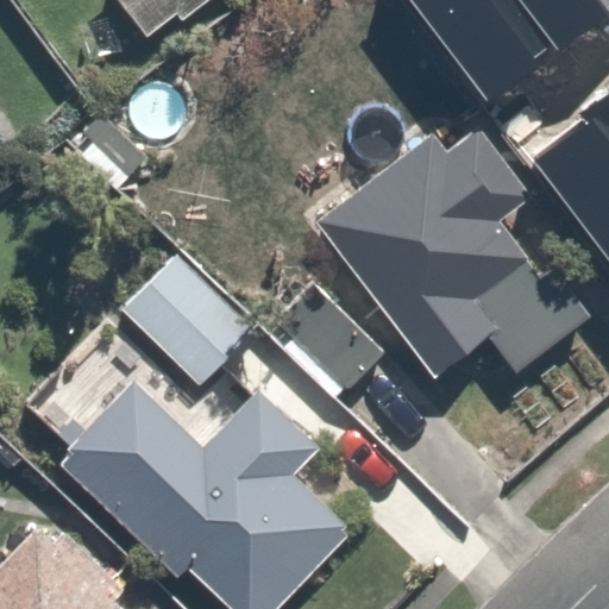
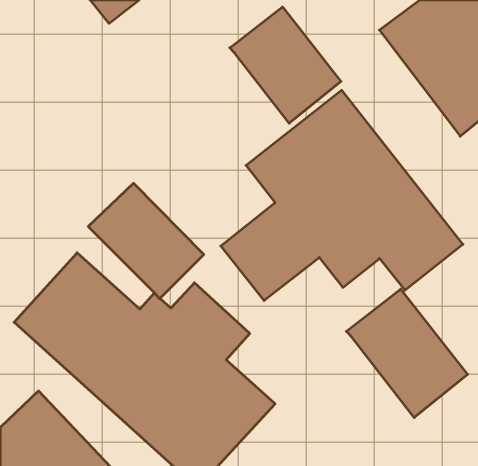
building: none -> [230,7,341,123]
building: none -> [346,289,468,418]

